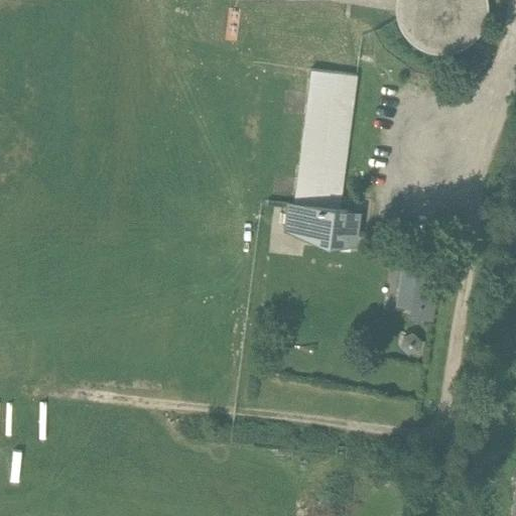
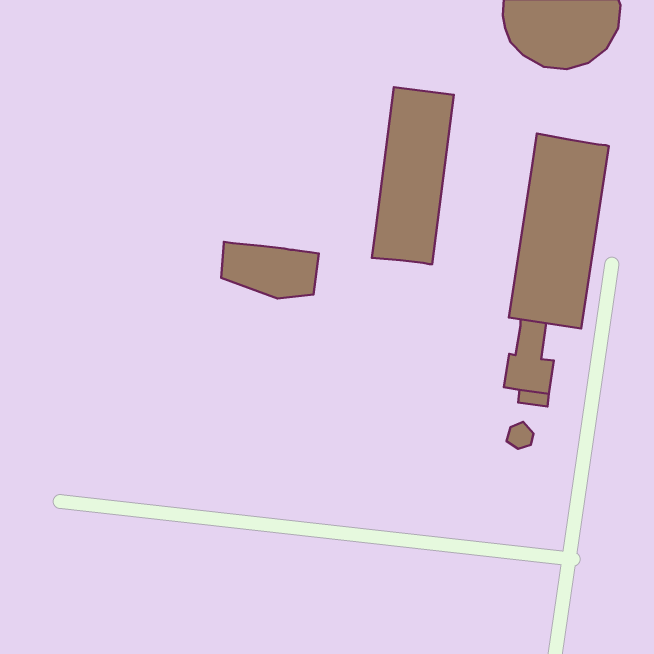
building: none -> [509,134,609,329]
building: [284,202,361,246] -> [221,242,319,298]

